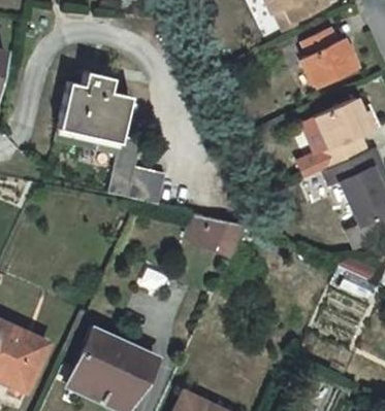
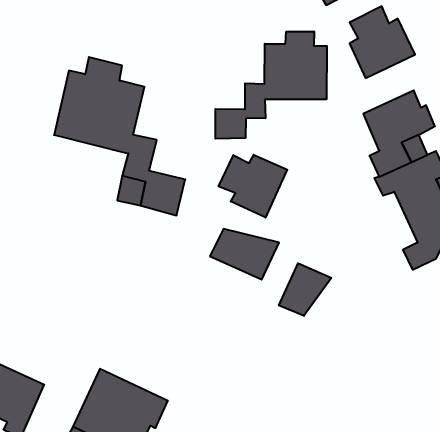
building: none -> [215,31,327,139]
building: none -> [219,155,287,218]
building: none -> [279,263,331,316]

